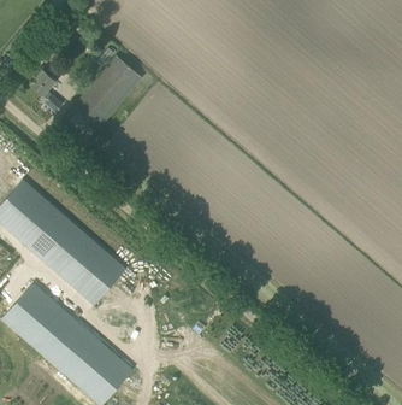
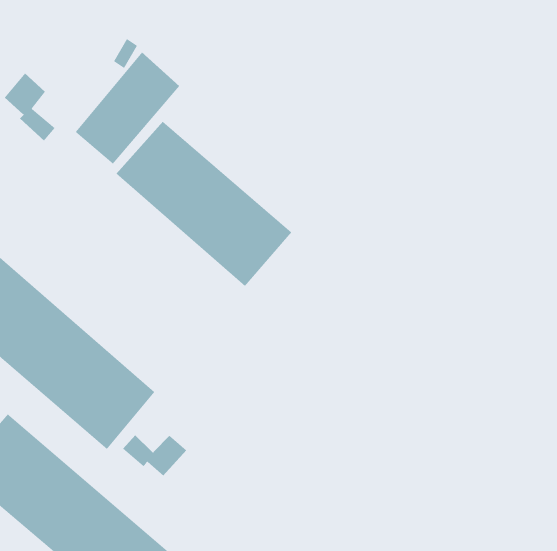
building: none -> [115,121,292,287]
building: none -> [122,435,187,477]

